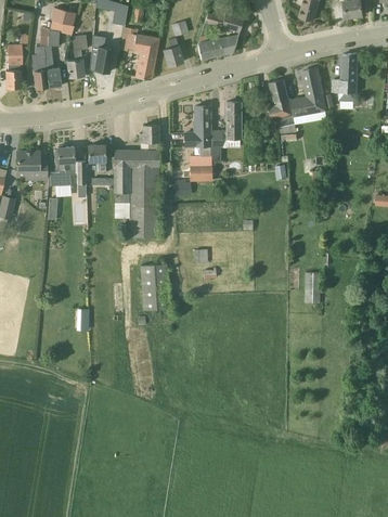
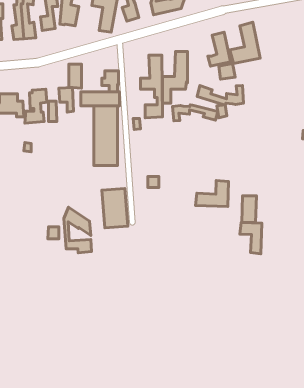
building: [331,53,357,101] -> none
building: none -> [197,85,244,105]
building: none -> [173,105,218,121]
building: [114,166,129,194] -> [69,64,82,88]
building: none -> [196,180,229,207]
building: none -> [64,207,92,253]
building: none -> [240,222,262,254]

